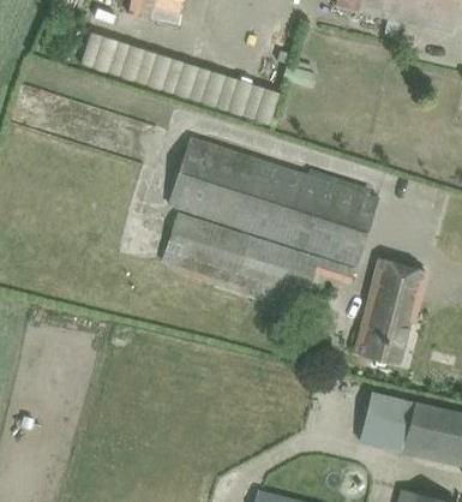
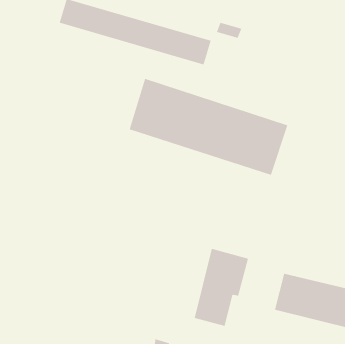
building: [162,213,354,306] -> none
building: [355,259,427,361] -> [194,248,249,326]

